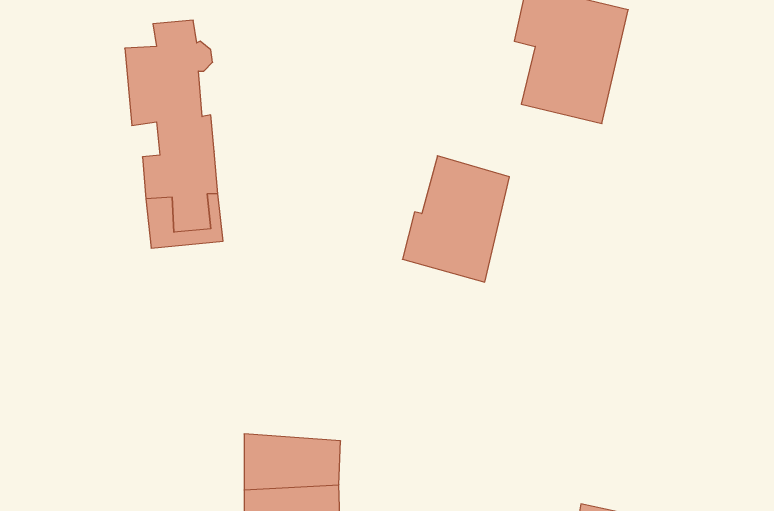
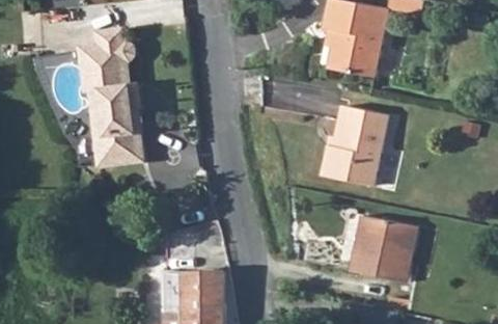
building: [402,156,509,282] -> [326,113,389,188]
building: none -> [351,219,414,284]

